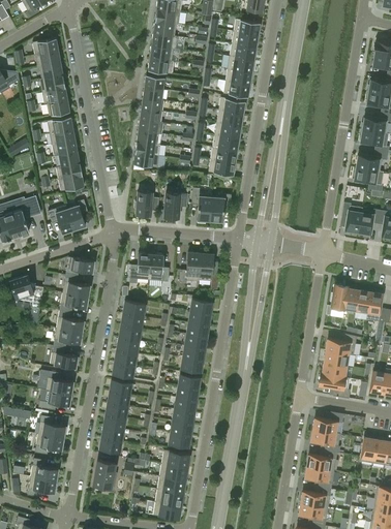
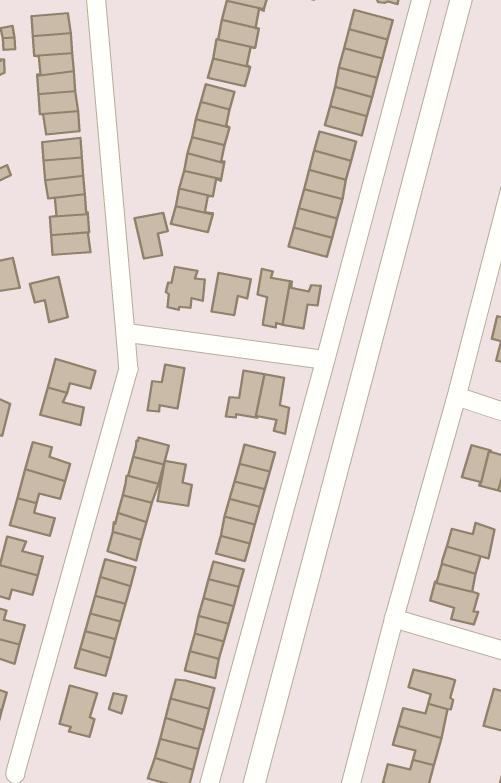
building: [65,199,87,229] -> [135,213,168,258]
building: [148,254,169,281] -> [157,461,192,506]
building: [59,292,88,312] -> none
building: [312,412,343,433] -> none

